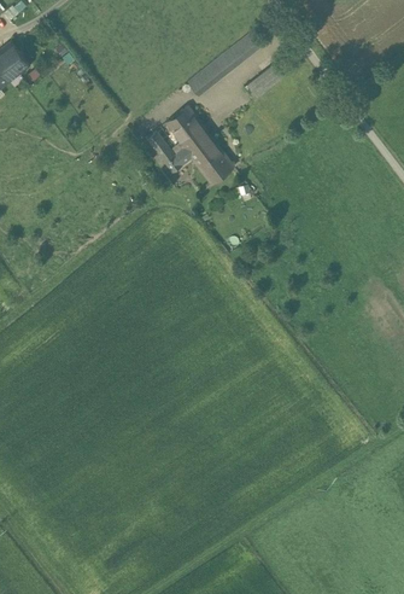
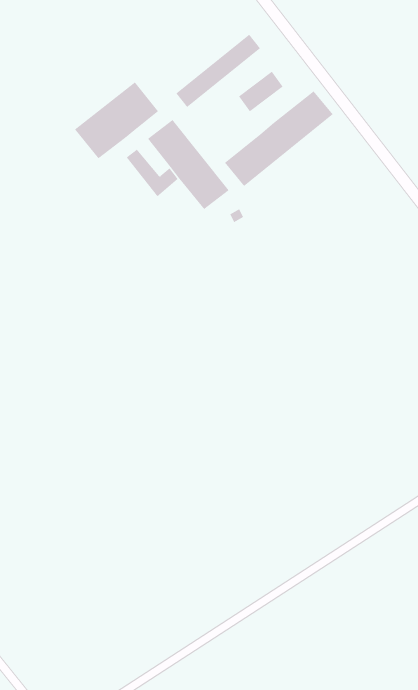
building: none -> [74,81,159,159]
building: none -> [224,90,334,187]

